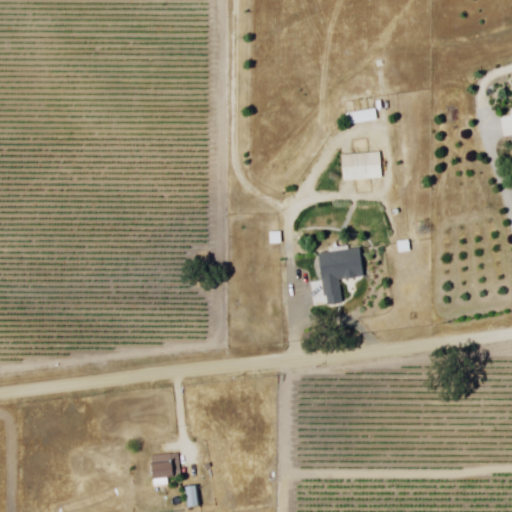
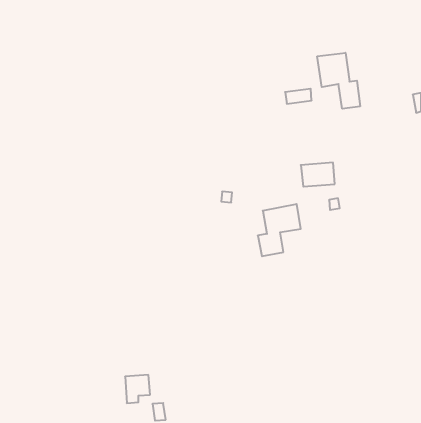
building: none -> [317,53,360,109]
building: [340,151,381,180] -> [301,163,335,187]

